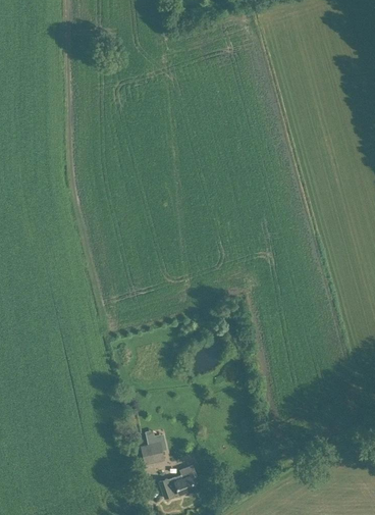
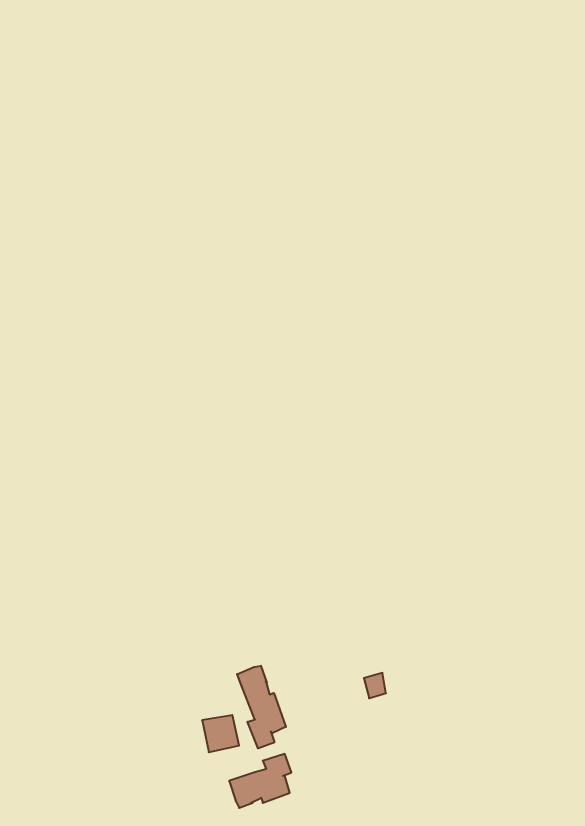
building: none -> [237,666,286,748]

